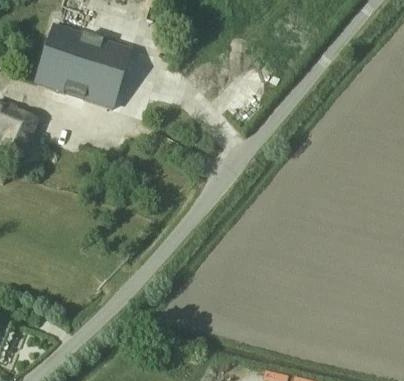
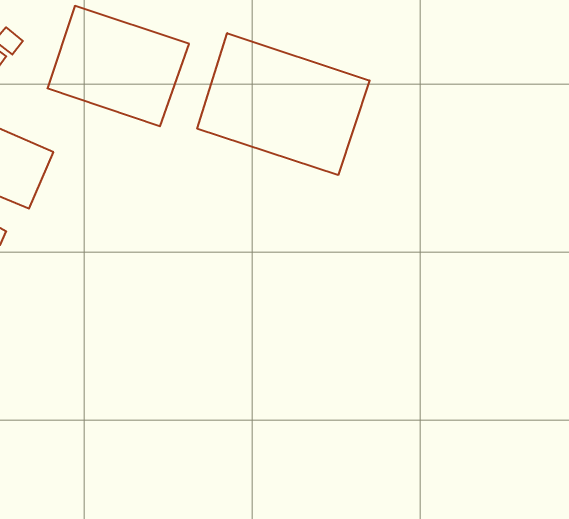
building: none -> [197,33,370,175]

